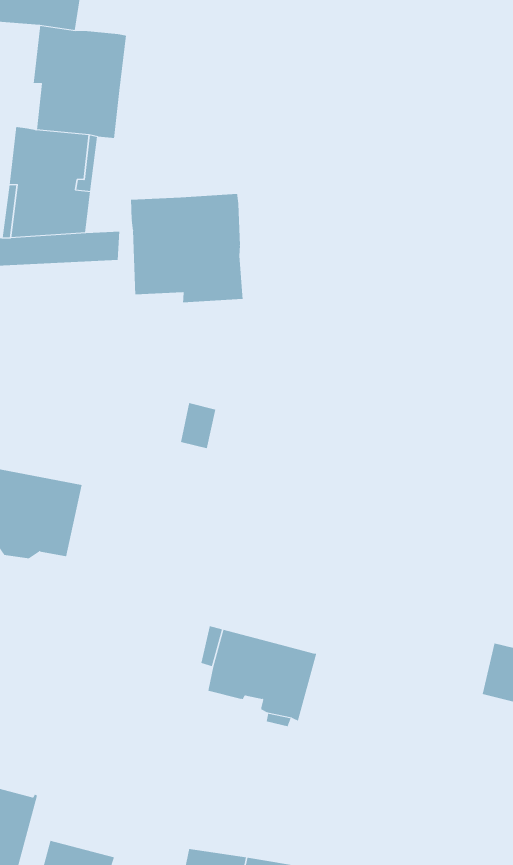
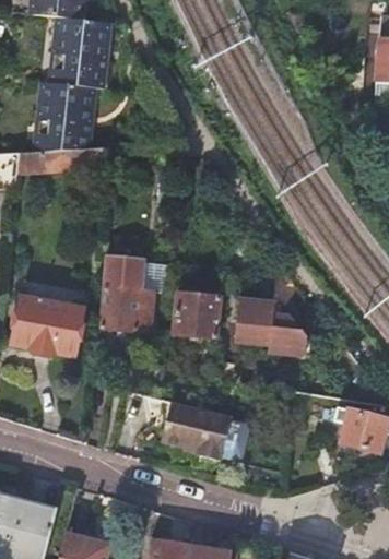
building: [130,193,243,303] -> none
building: none -> [102,255,155,332]
building: none -> [174,293,220,337]
building: none -> [234,298,306,357]

